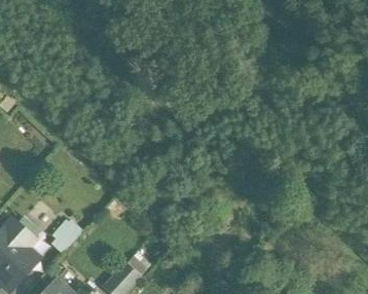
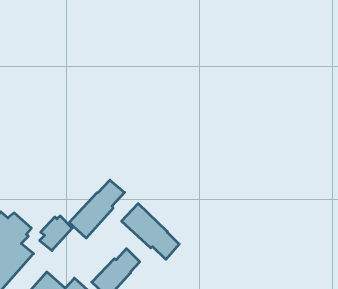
building: none -> [69,180,125,238]
building: none -> [122,204,179,259]

